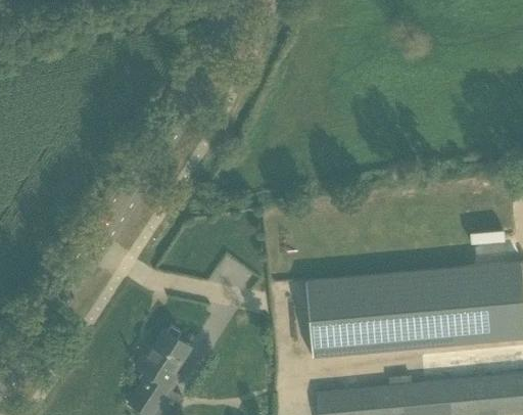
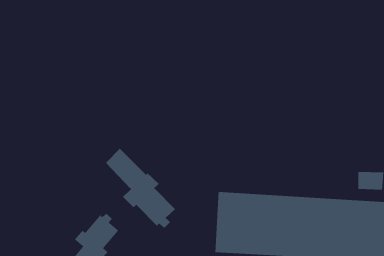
building: none -> [105,148,176,229]

